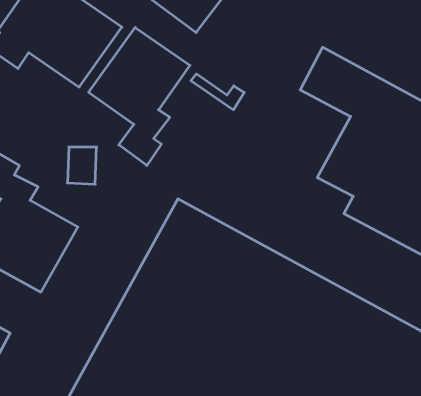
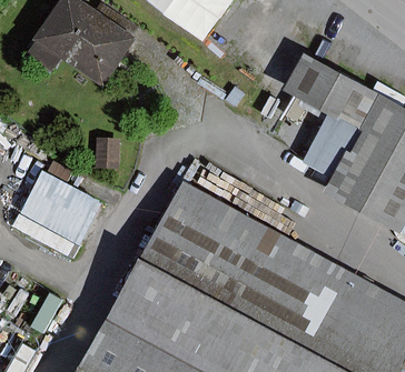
building: [89,27,190,166] -> none

